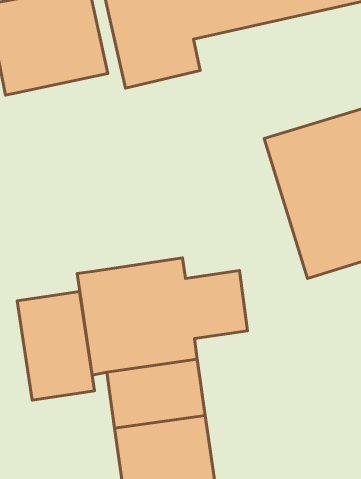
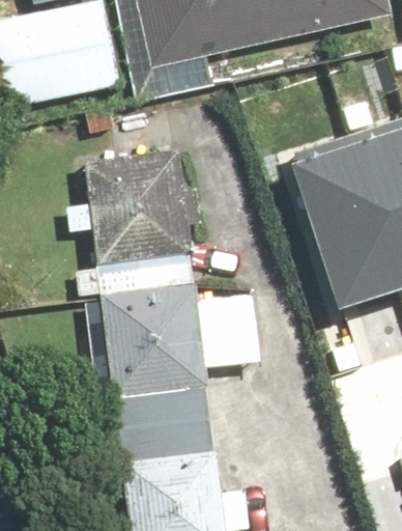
building: none -> [66,155,203,301]
building: [17,292,94,400] -> none

